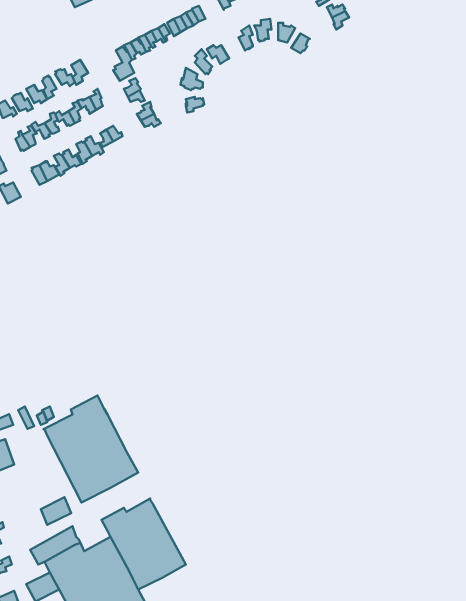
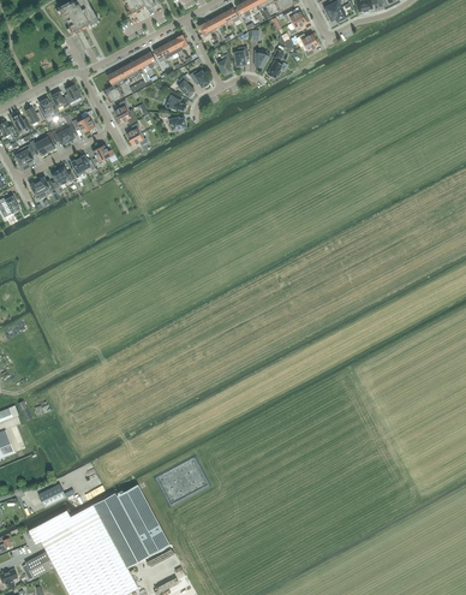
building: [44,395,138,503] -> none

